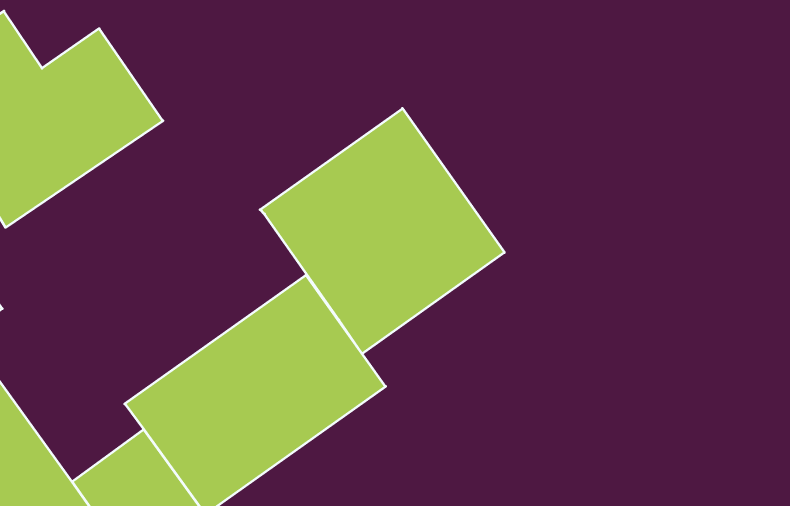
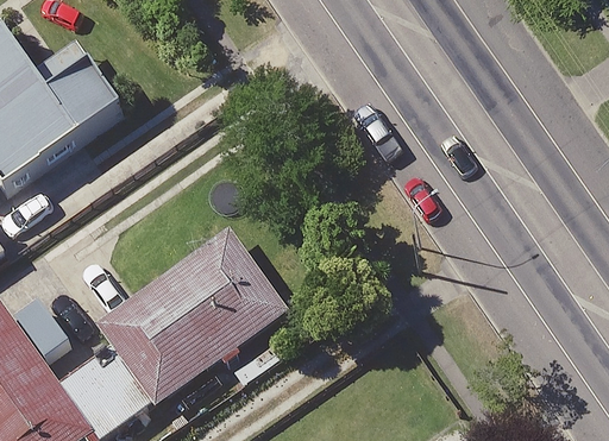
building: [260,108,504,354] -> none

